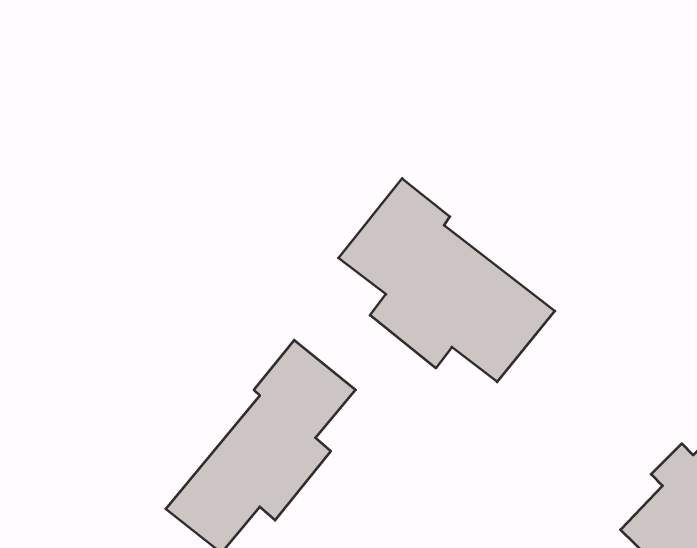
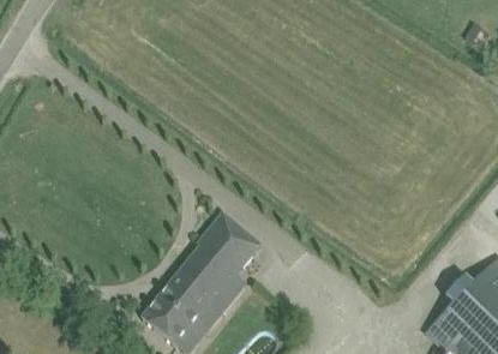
building: [338,178,555,382] -> none

